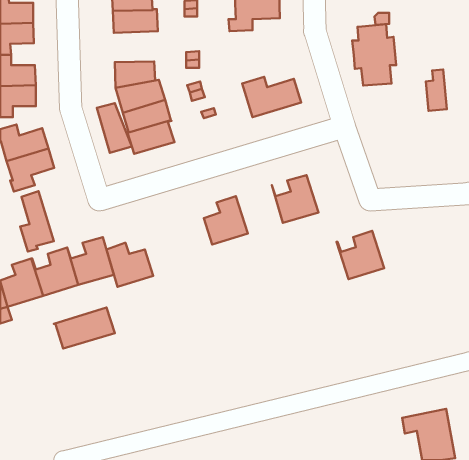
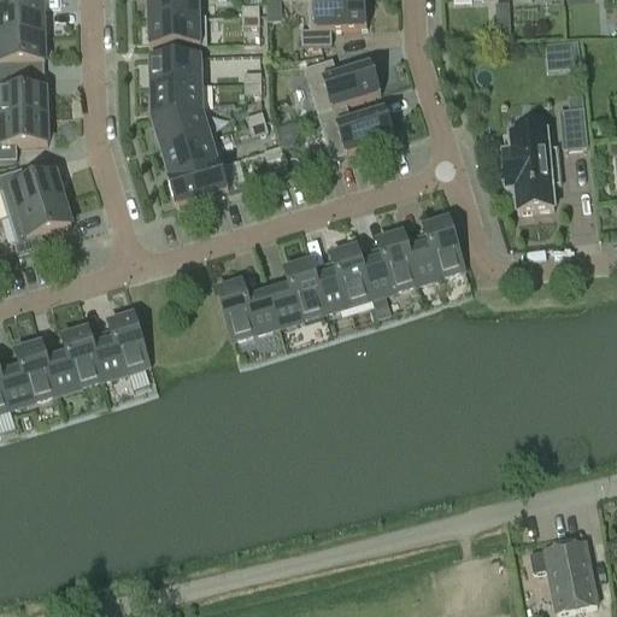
building: [352,24,396,85] -> [503,127,560,207]
building: none -> [149,52,202,82]
building: none -> [304,55,381,110]
building: [97,103,132,153] -> none
building: none -> [310,243,371,307]
building: [20,191,54,251] -> none
building: [336,231,384,279] -> [402,216,465,280]
building: [106,243,153,287] -> [217,278,278,336]
building: [54,308,115,349] -> none

